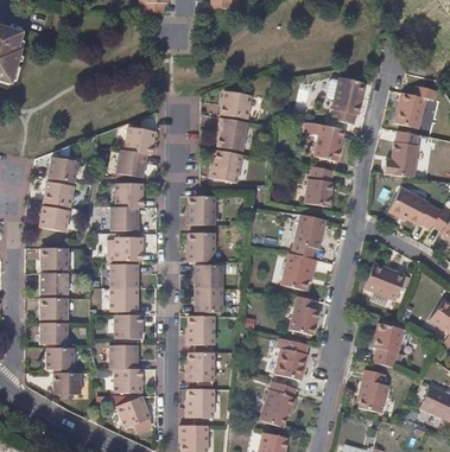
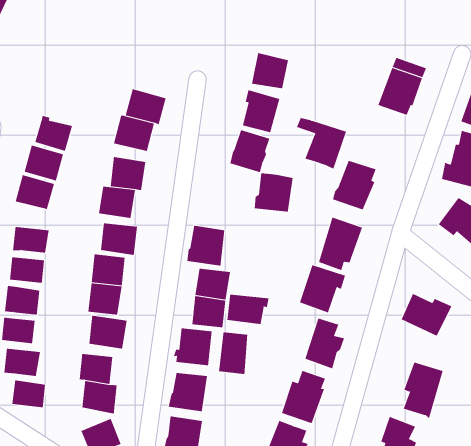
building: [300,122,342,161] -> [296,117,347,169]
building: [185,196,215,225] -> [254,173,294,212]
building: none -> [227,294,269,325]
building: none -> [219,331,248,375]

